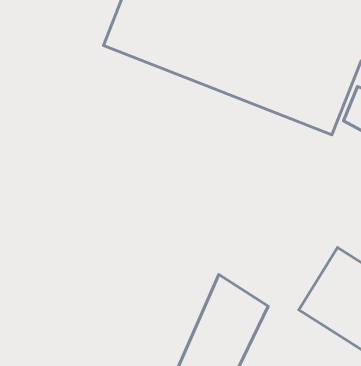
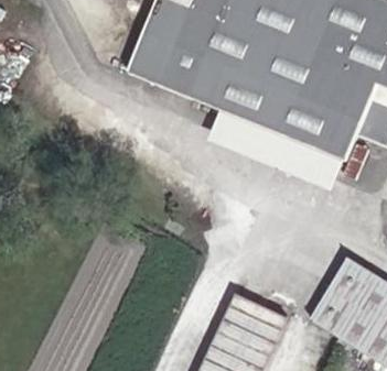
building: none -> [213,106,344,187]

